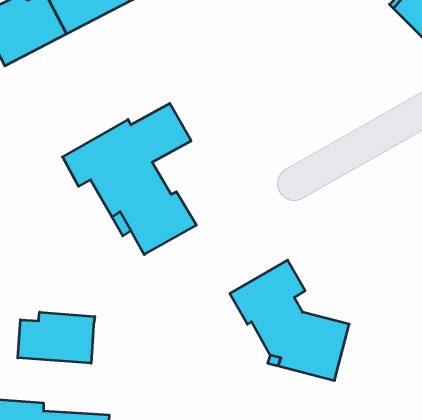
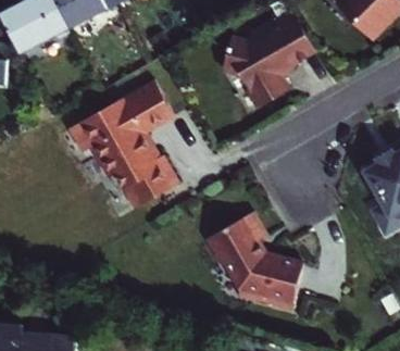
building: none -> [221,12,315,110]
building: [18,312,95,363] -> none

